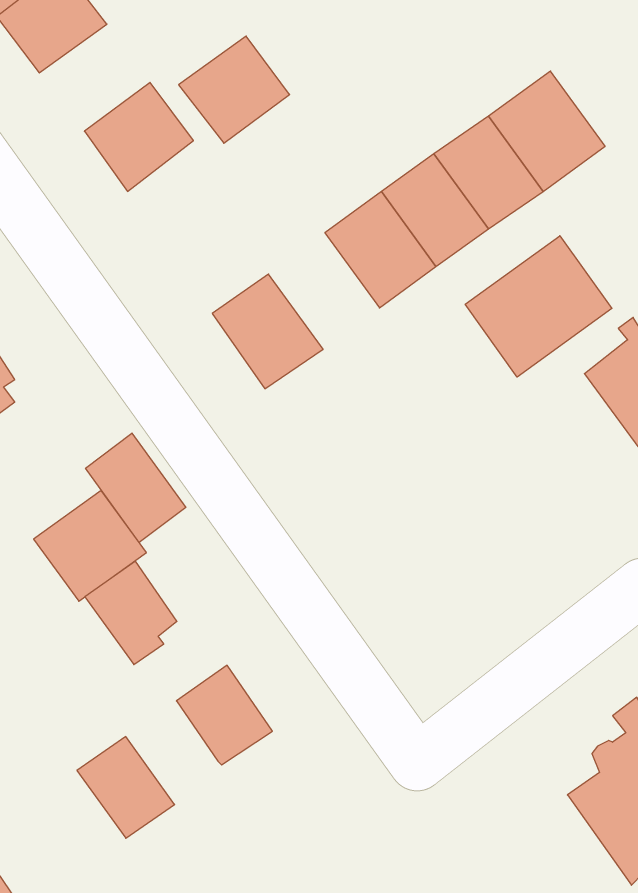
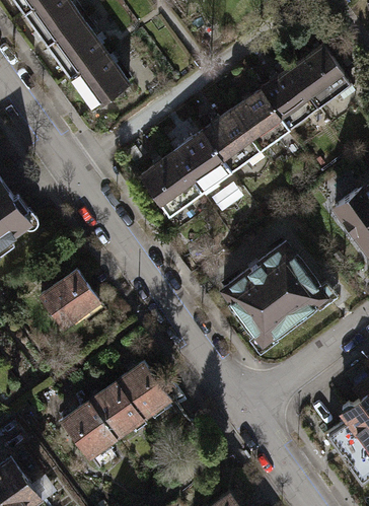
building: [179,36,290,143] -> [44,19,103,77]
building: none -> [167,132,227,195]
building: [465,236,612,377] -> none
building: [86,433,186,543] -> none
building: none -> [225,244,327,344]
building: [85,561,177,665] -> [90,384,140,440]

